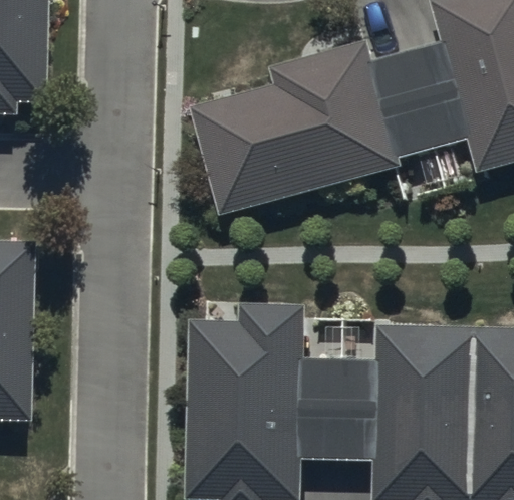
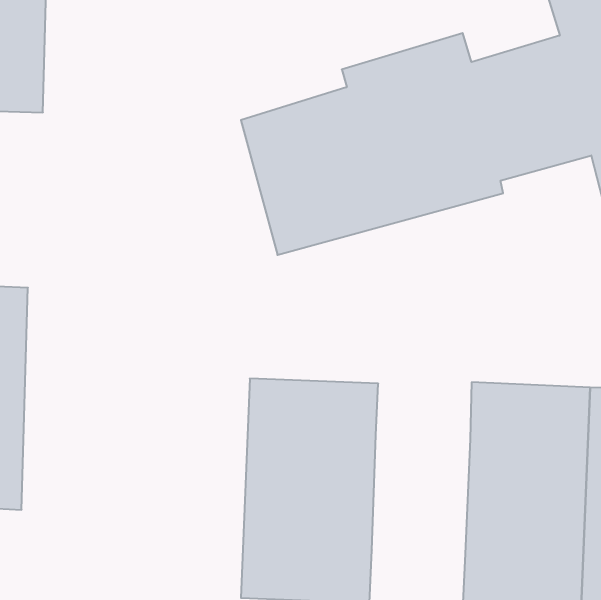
building: [299,359,377,454] -> none

